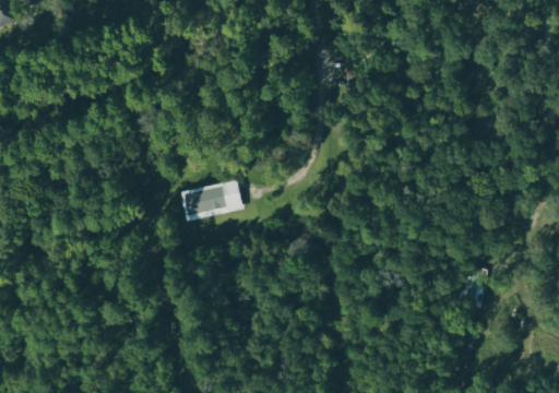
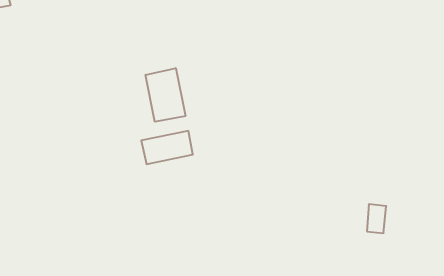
building: none -> [146,68,185,122]

